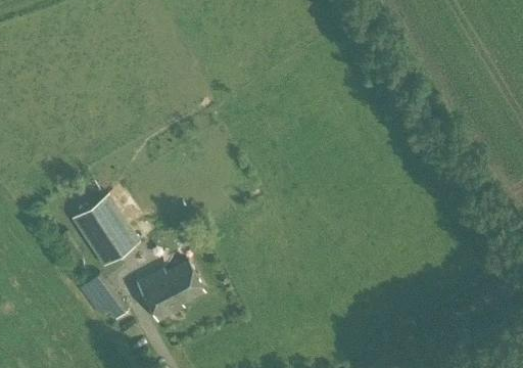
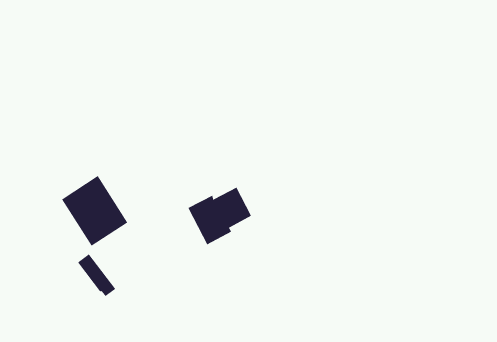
building: [139,262,204,321] -> [188,187,252,245]

